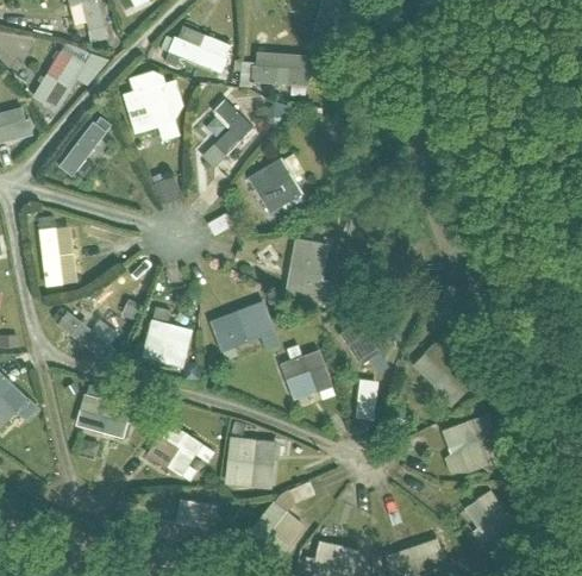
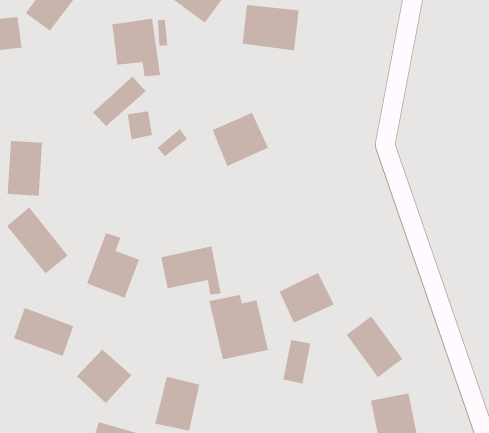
building: [202,99,252,155] -> none
building: [58,117,109,173] -> [92,76,147,127]
building: [284,238,327,307] -> none

